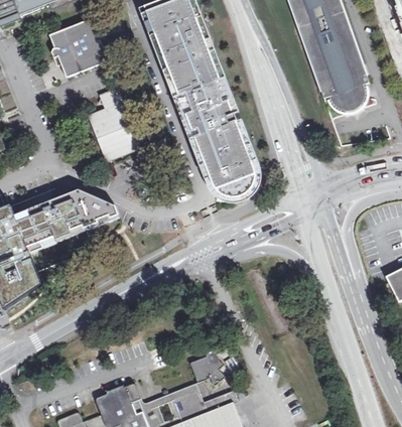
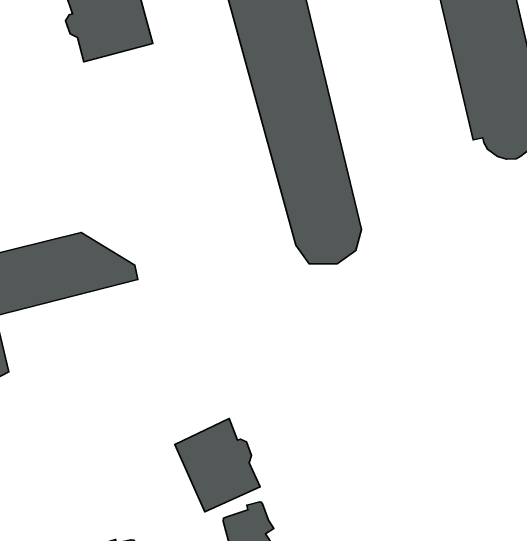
building: [86,87,139,162] -> none
building: none -> [175,418,260,512]

